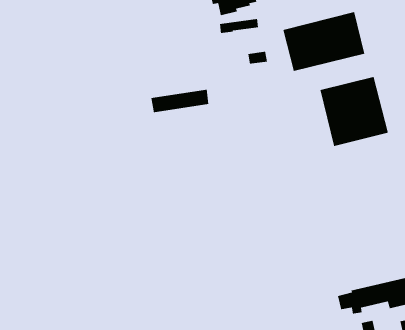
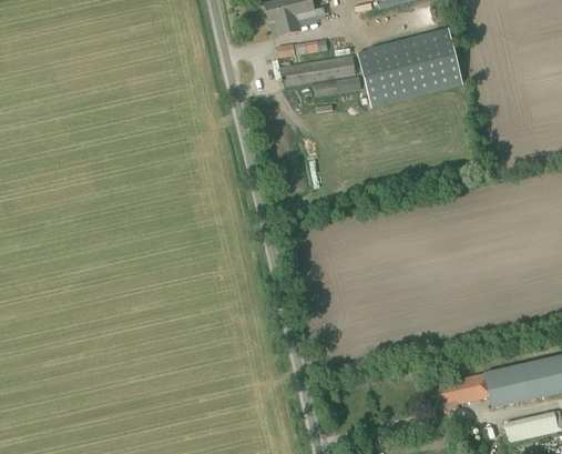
building: [320,76,388,147] -> none
building: [150,89,209,113] -> [282,56,356,85]

